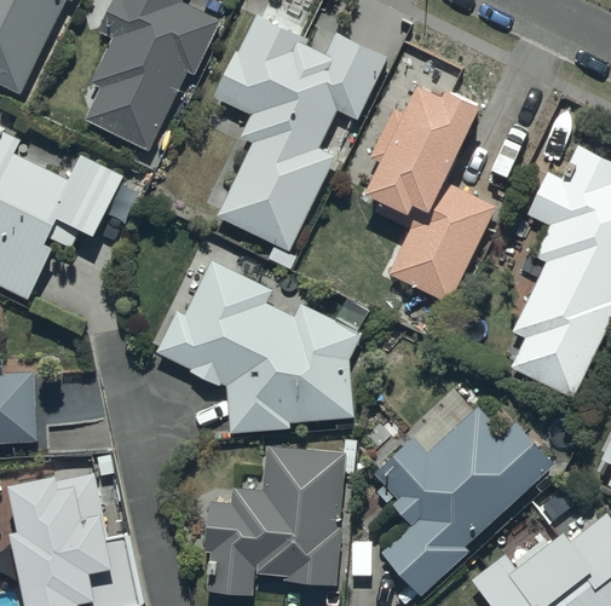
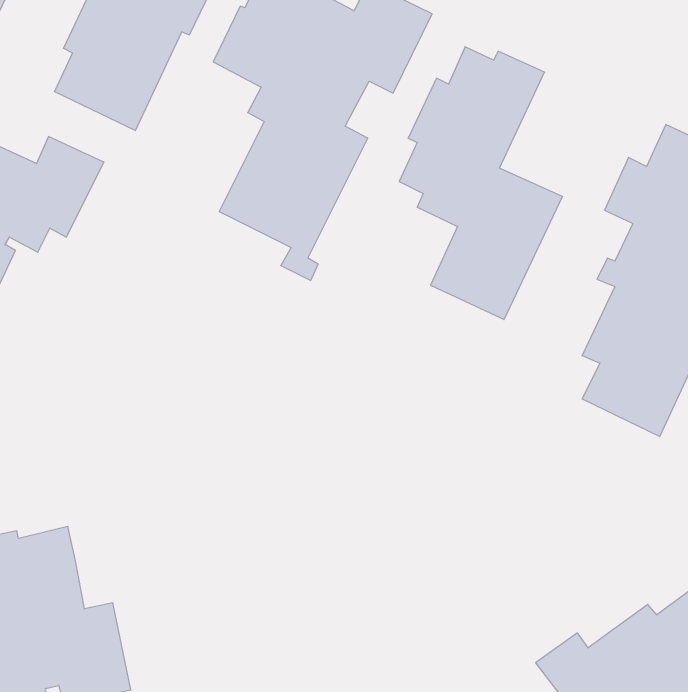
building: [155,260,361,434] -> none
building: [374,409,553,599] -> none
building: [203,440,359,594] -> none

